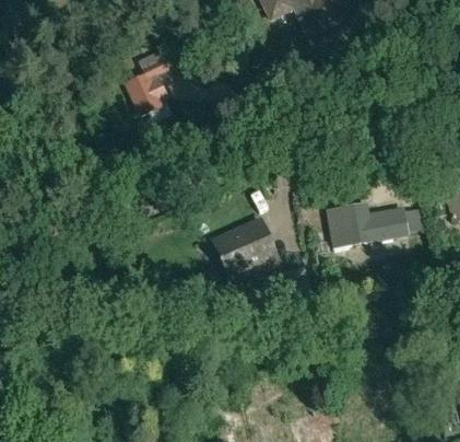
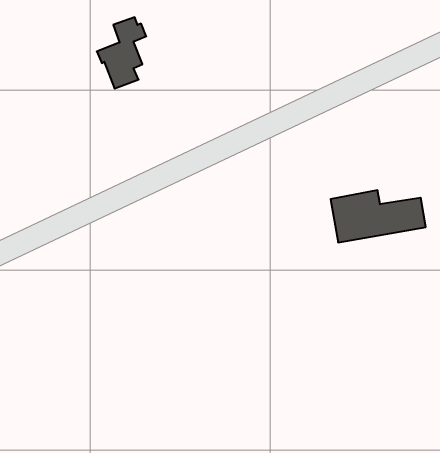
building: [214,219,280,280] -> none

